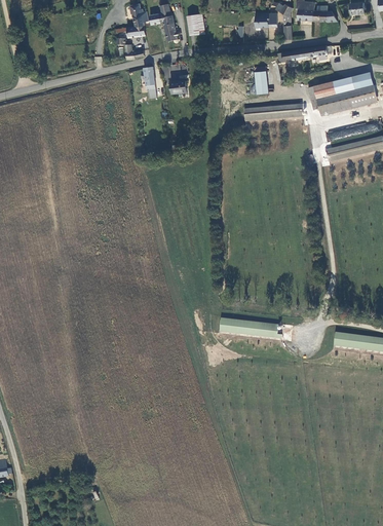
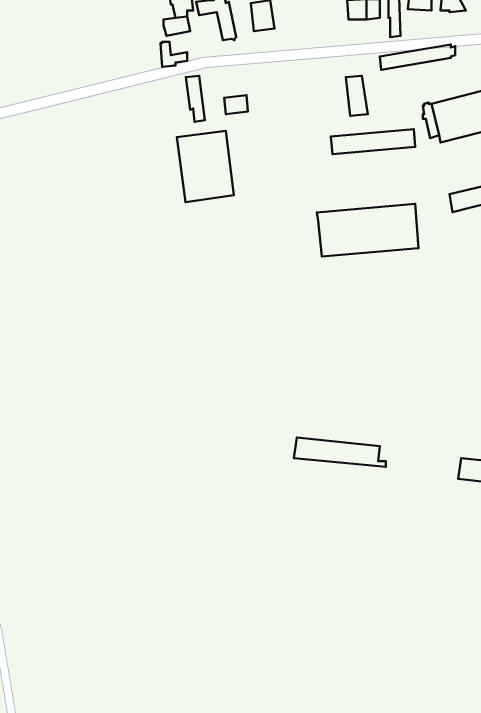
building: none -> [177,131,234,202]
building: none -> [317,204,418,257]

